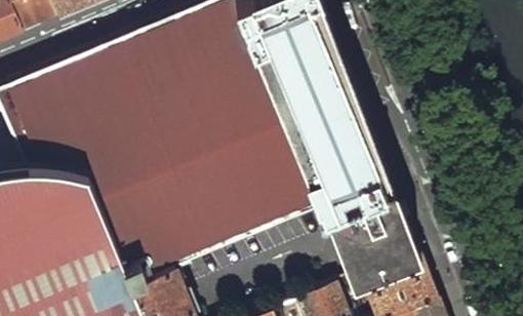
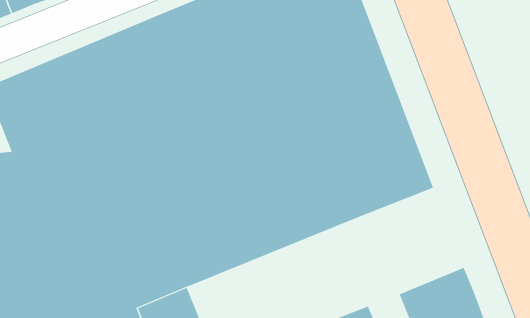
building: [321,184,415,280] -> none

